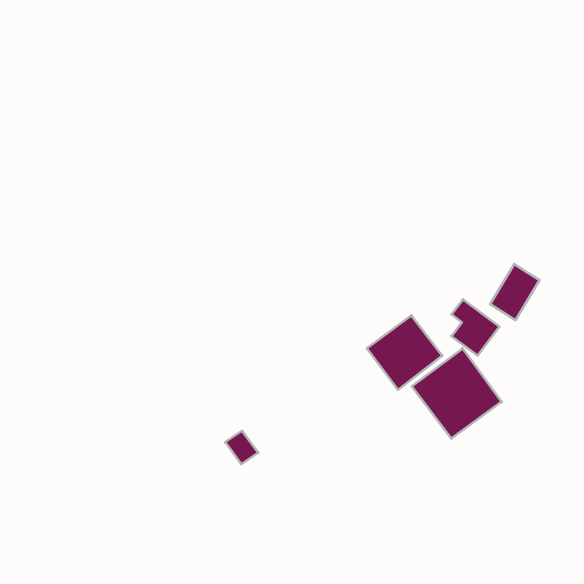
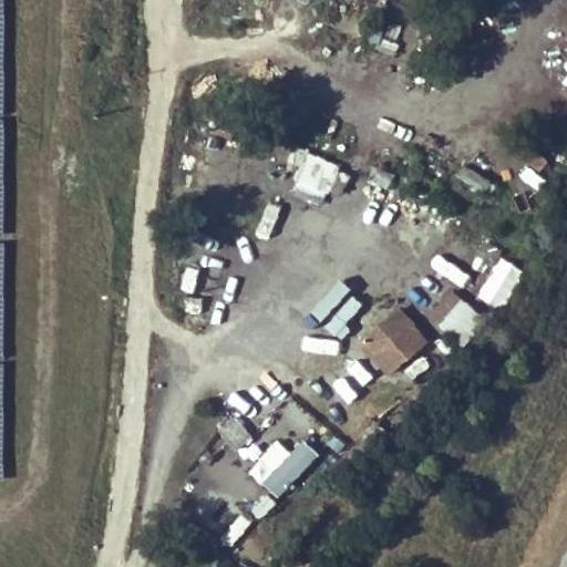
building: [412,348,502,439] -> none
building: none -> [257,440,317,496]

